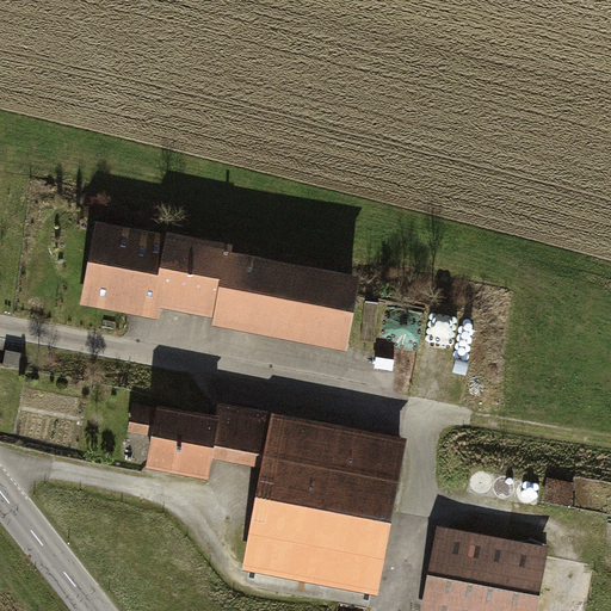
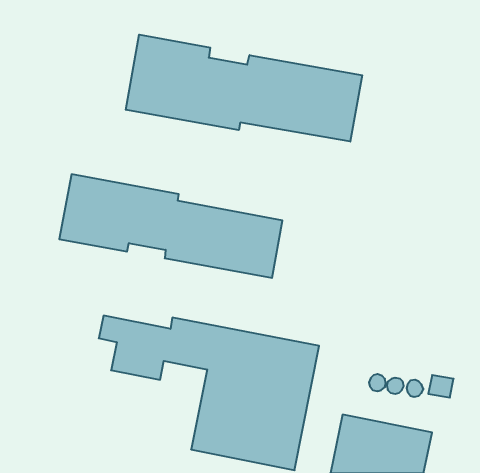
building: none -> [126,35,362,142]

